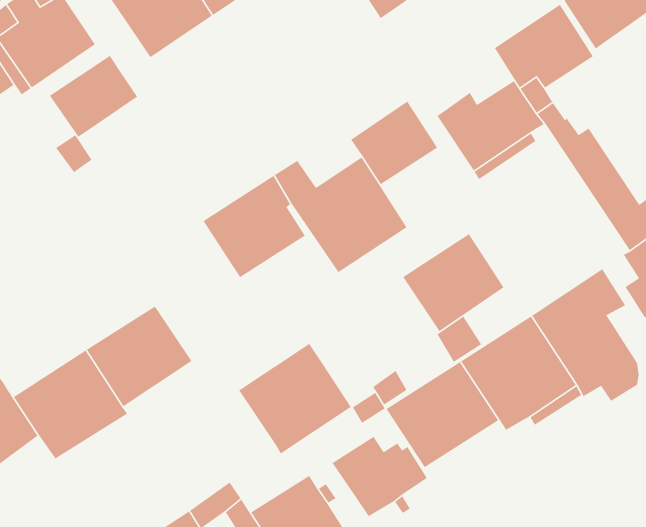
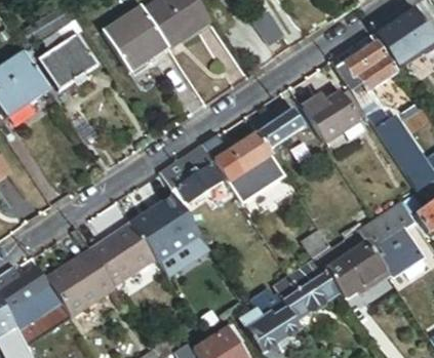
building: [49,55,138,138] -> none
building: [402,233,504,332] -> none
building: [238,343,352,454] -> [132,194,201,262]

